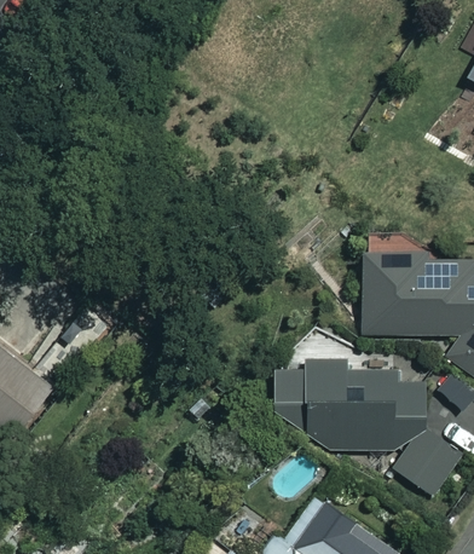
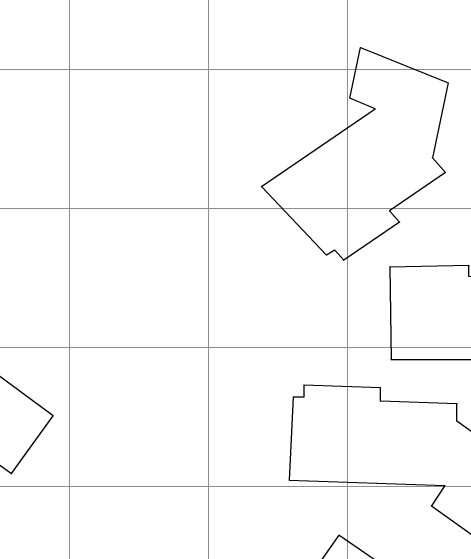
building: none -> [261,48,448,260]

